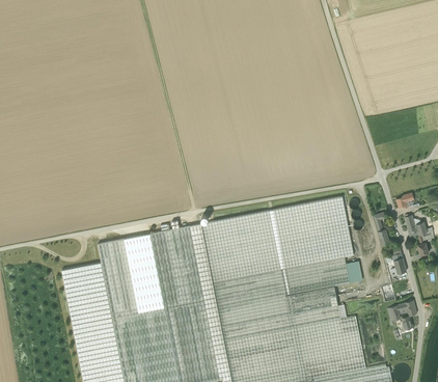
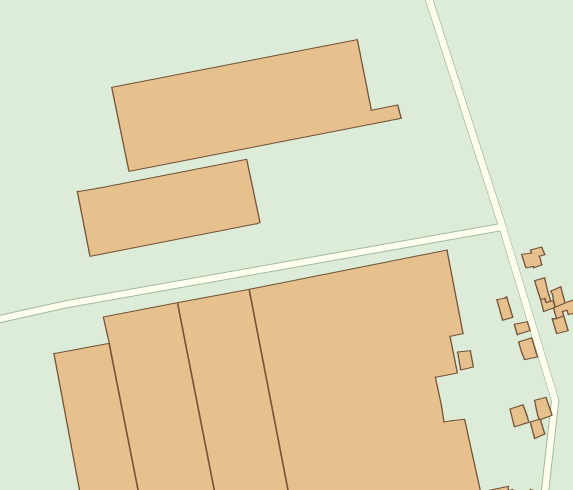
building: none -> [112,40,401,171]
building: none -> [77,159,260,256]

